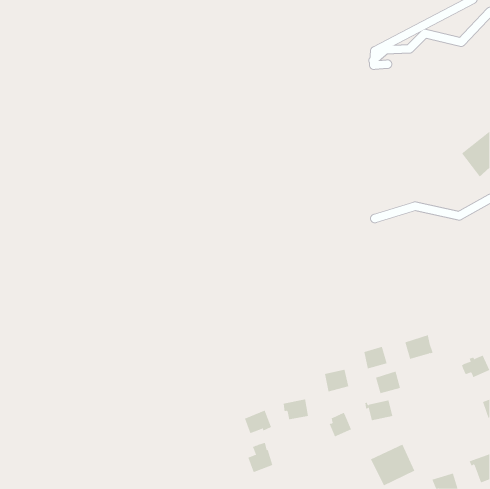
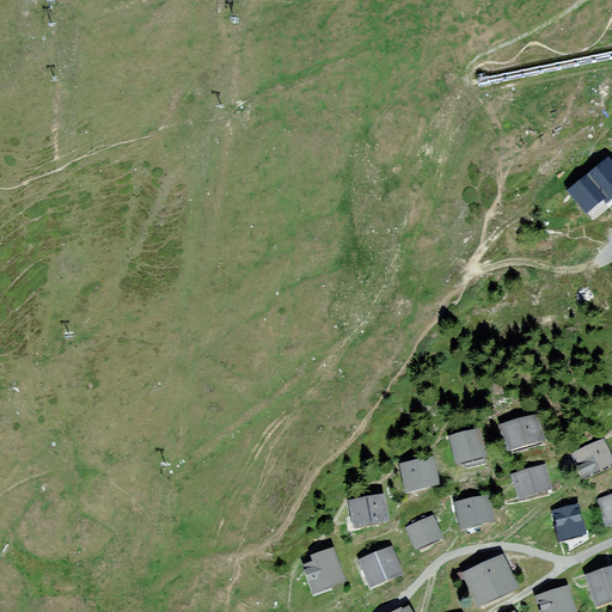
building: [375,371,401,394] -> [515,466,547,495]
building: none -> [556,507,582,537]
building: [244,410,272,434] -> [363,551,398,581]

